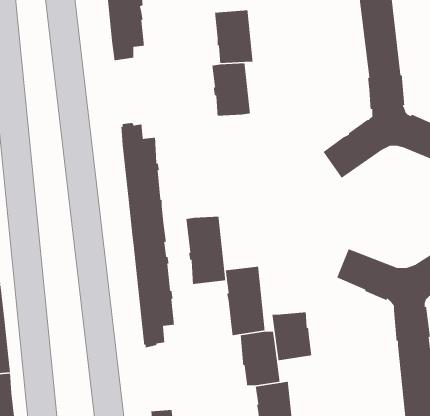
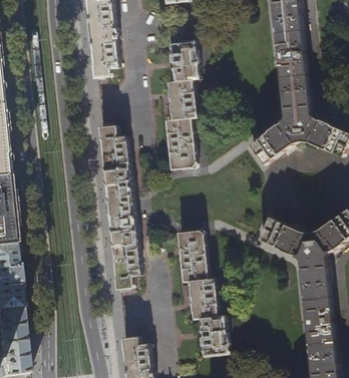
building: [185,216,226,285] -> [166,118,197,169]
building: [272,311,312,361] -> none

